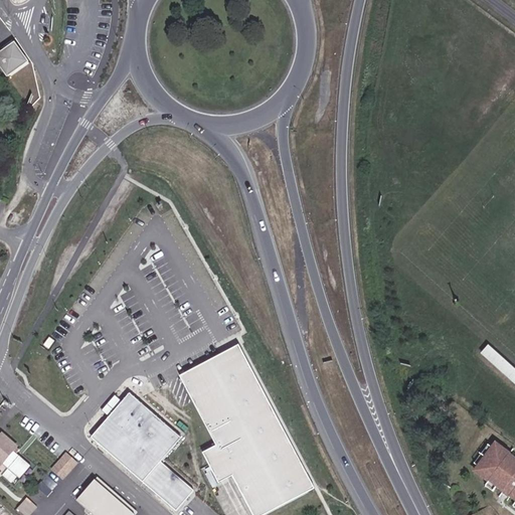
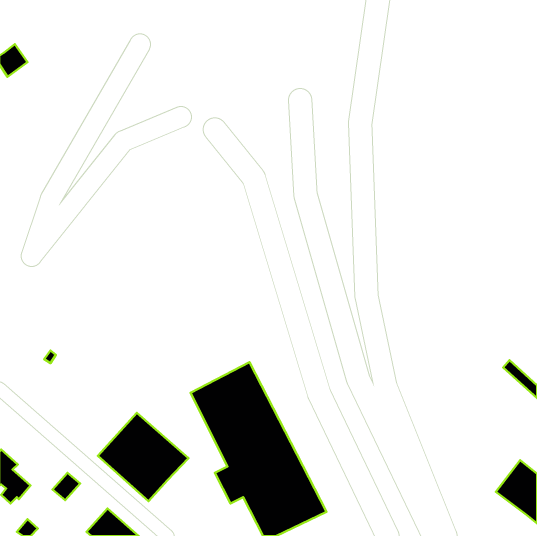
building: [142,459,193,508] -> none

